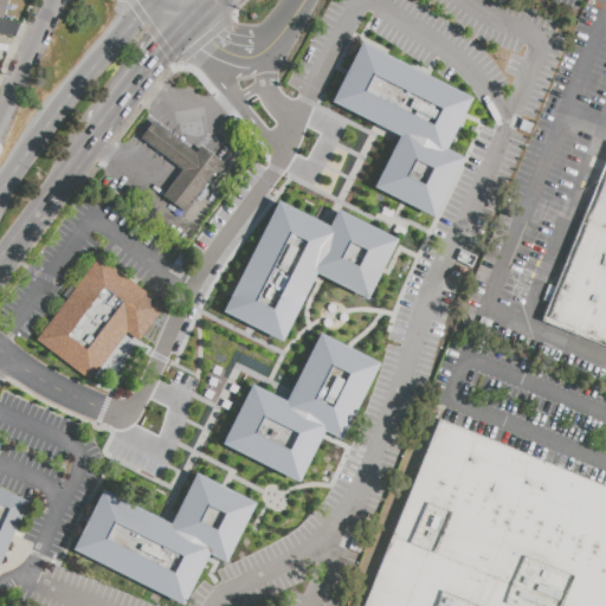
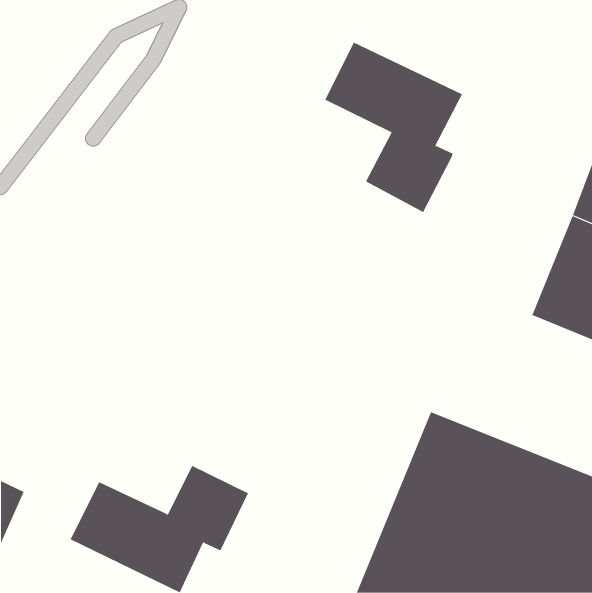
building: [141,120,223,211] -> none
building: [233,200,398,341] -> none
building: [38,257,167,380] -> none
building: [224,334,380,482] -> none

